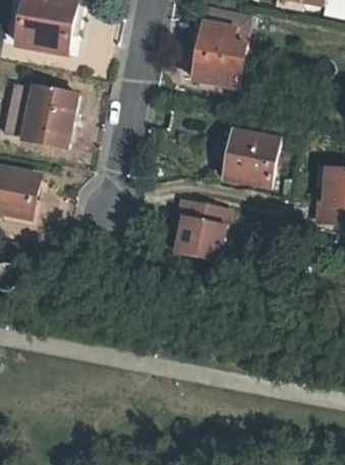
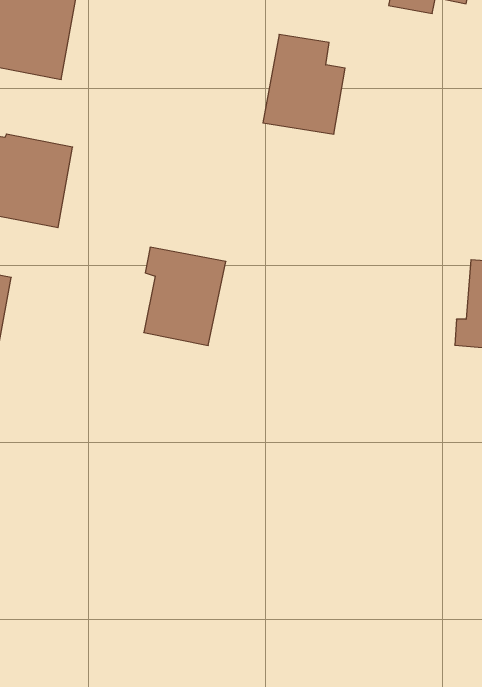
building: [224,130,278,185] -> none
building: [176,197,228,259] -> [144,247,226,345]

